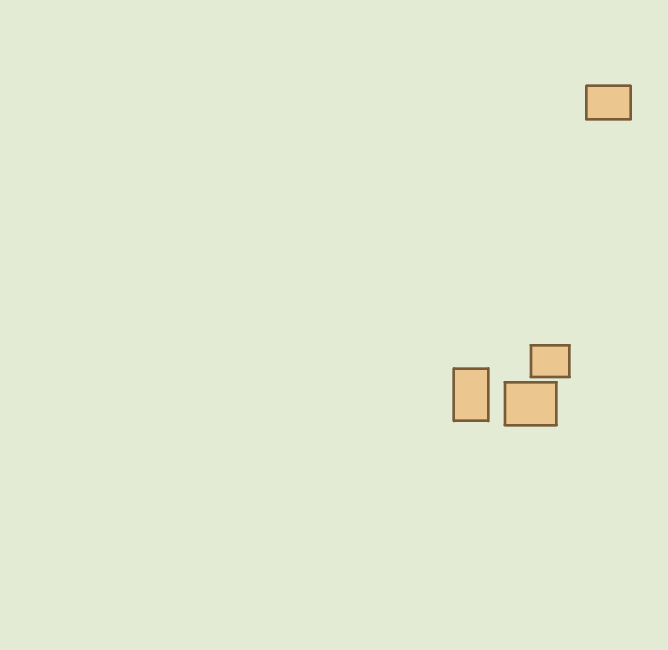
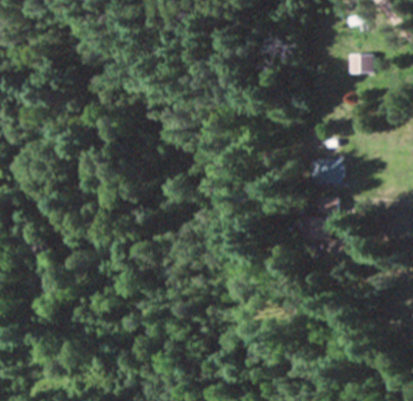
building: none -> [311,160,342,184]
building: [454,368,488,421] -> none

